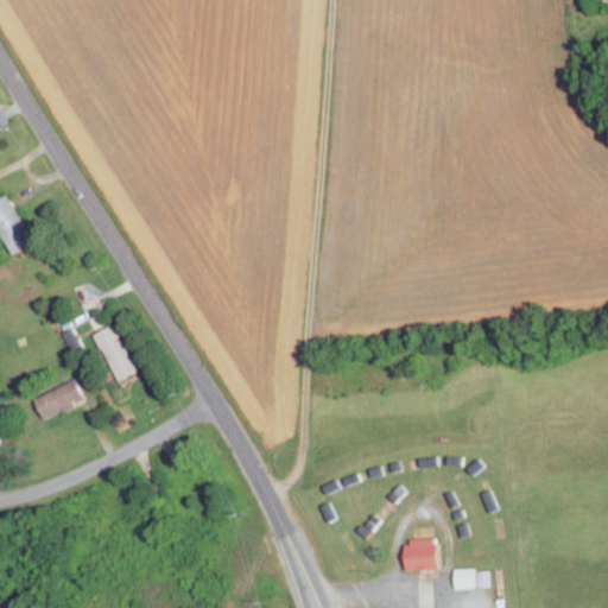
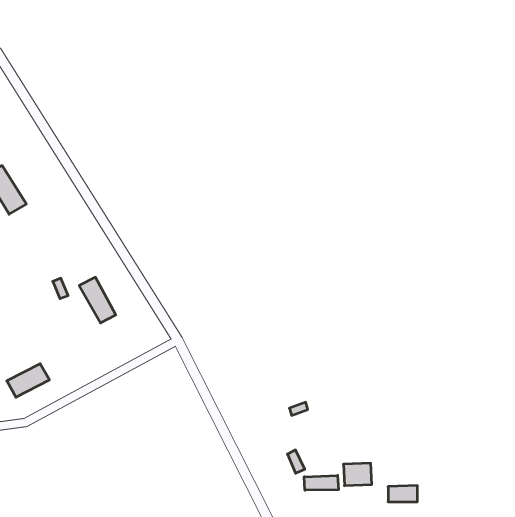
building: [33,380,83,419] -> [7,364,49,397]
building: none -> [304,475,338,490]

